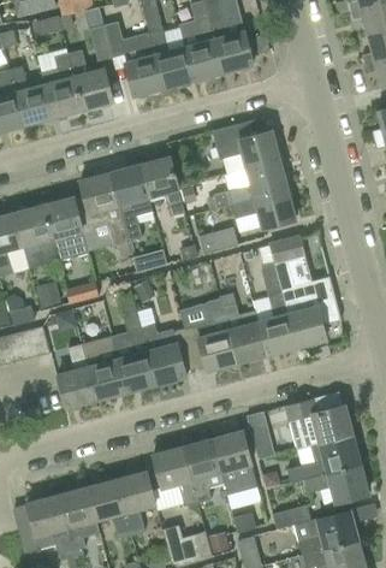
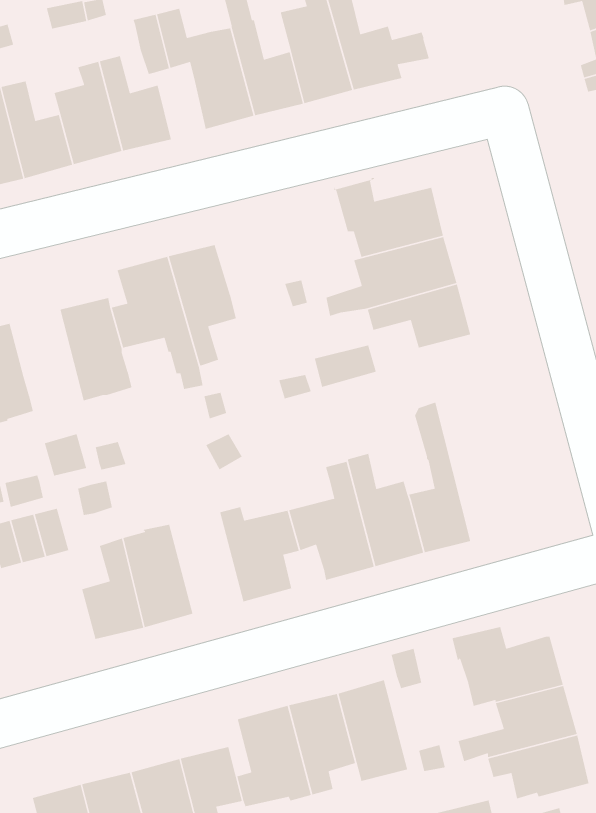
building: [138,156,183,215] -> none
building: [13,205,58,265] -> none
building: [268,236,338,347] -> none
building: [111,310,155,391] -> none

